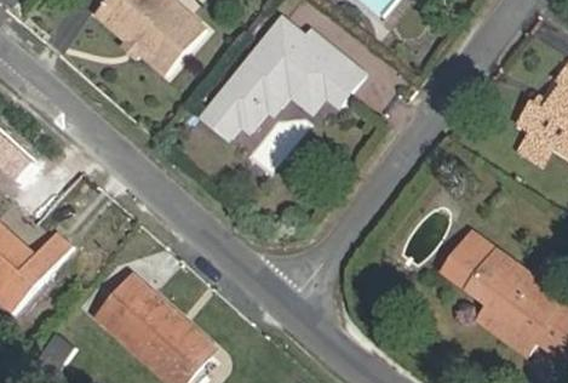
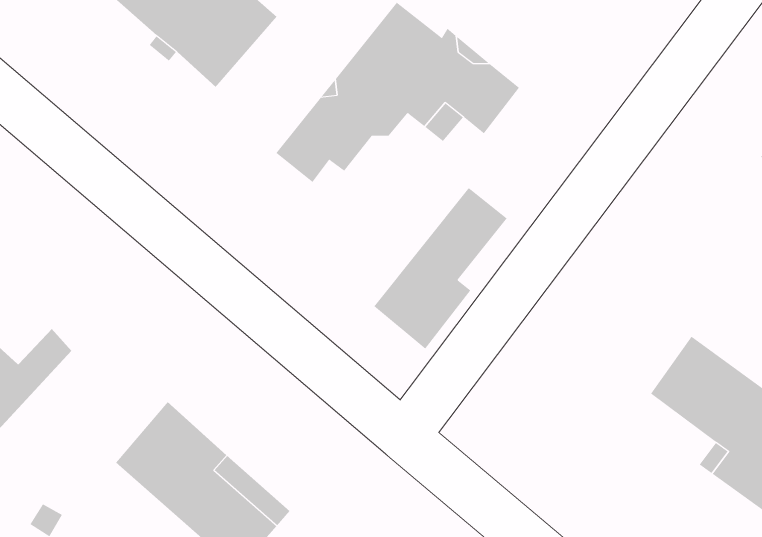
building: none -> [373,187,507,349]

